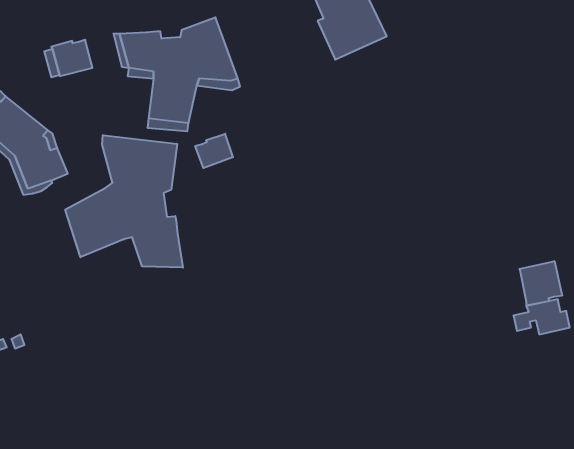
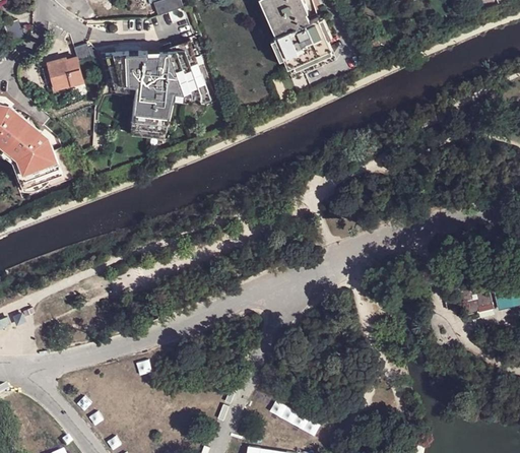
building: [195,134,233,168] -> none
building: [65,135,183,268] -> none
building: [519,261,562,305] -> none

